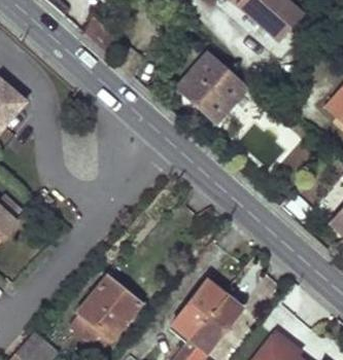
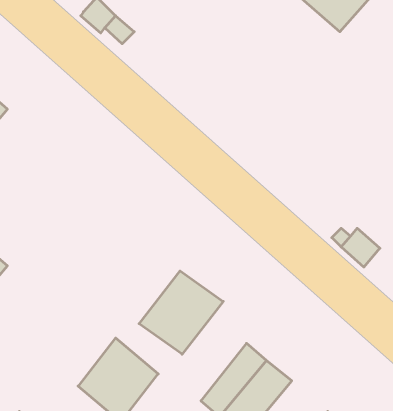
building: [178,52,246,120] -> none
building: none -> [139,271,223,354]

